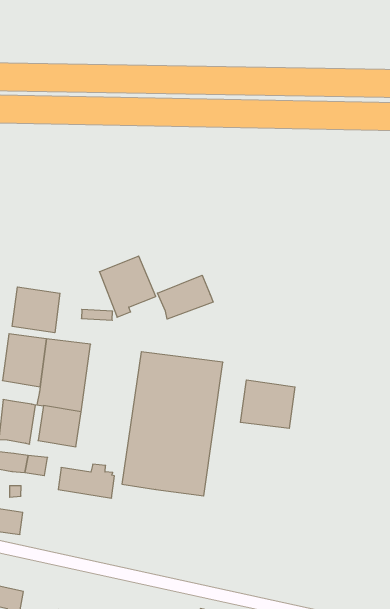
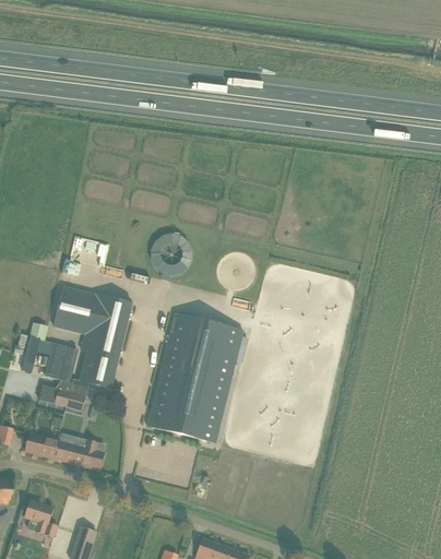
building: [157,275,213,319] -> none
building: [12,287,60,333] -> none
building: [240,380,295,428] -> none
building: [58,464,114,498] -> [55,440,104,471]

